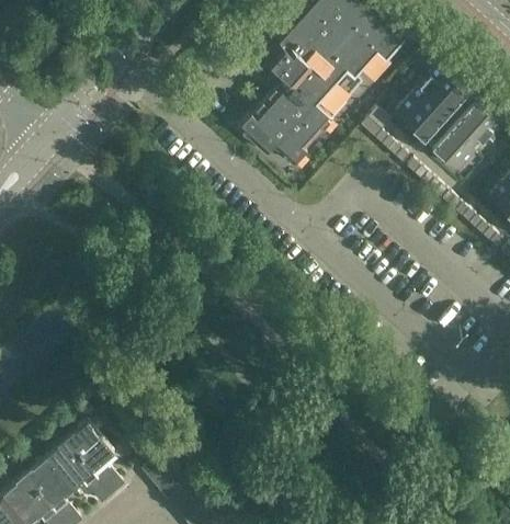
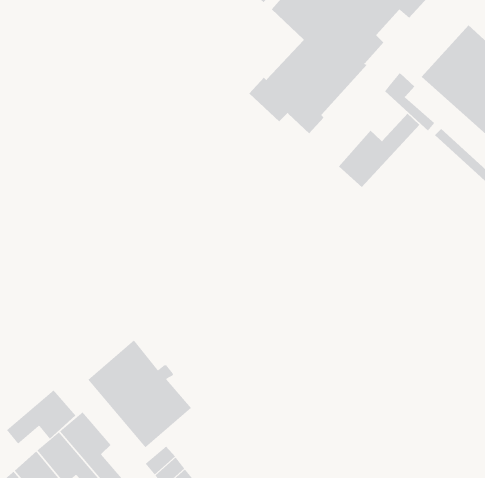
building: none -> [338,113,420,188]
building: none -> [87,340,192,448]
building: none -> [6,389,76,444]

